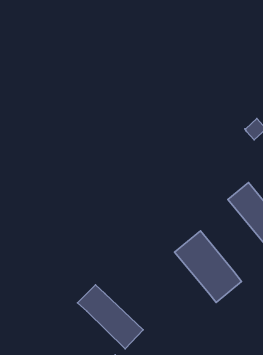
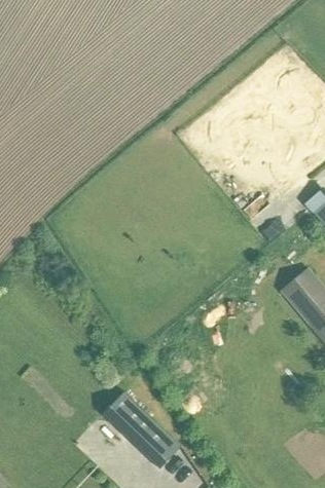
building: [175,231,241,303] -> none

